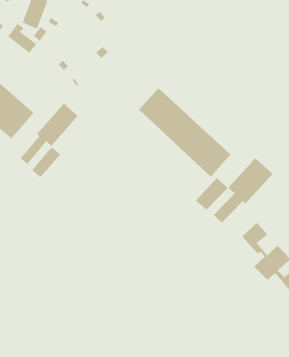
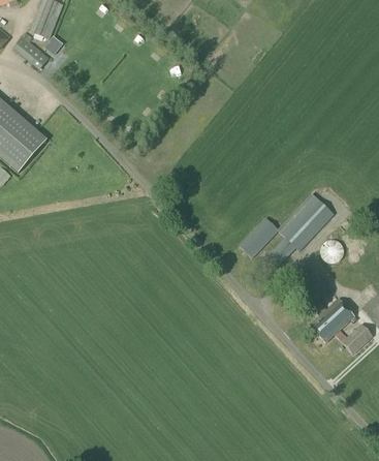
building: [138,87,231,178] -> none
building: [20,103,79,178] -> none

